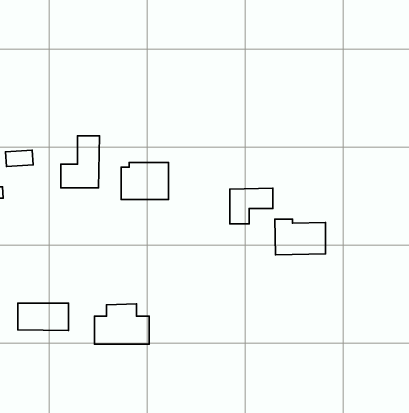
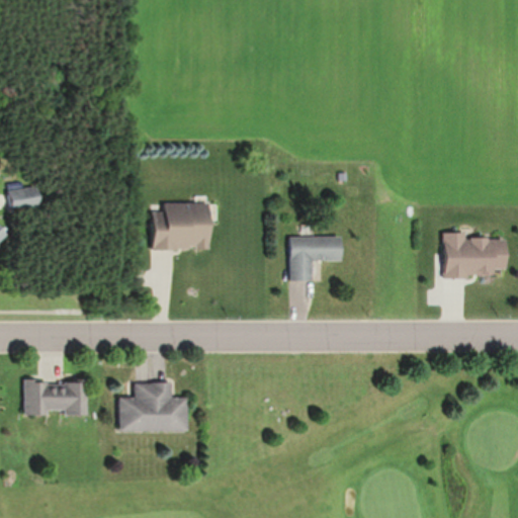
building: [61,136,100,188] -> none
building: [275,219,325,255] -> [442,233,506,277]

